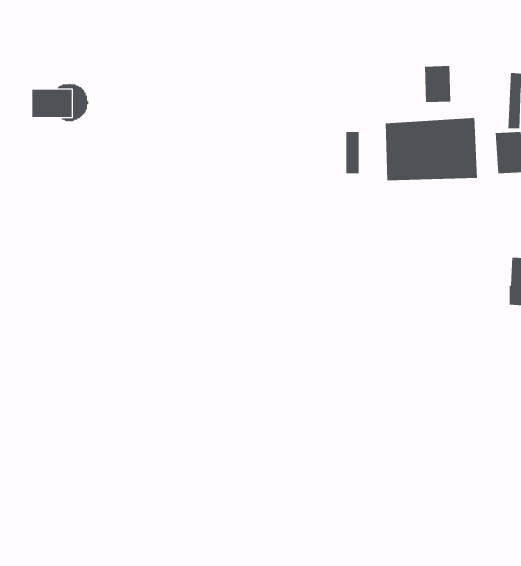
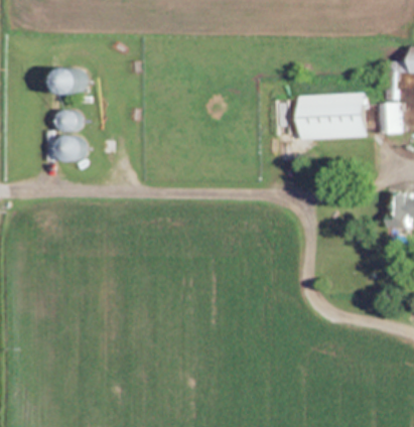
building: [424,65,451,103] -> none
building: none -> [58,109,82,131]
building: none -> [58,137,83,161]

